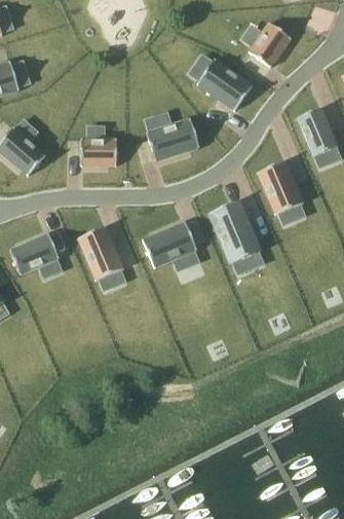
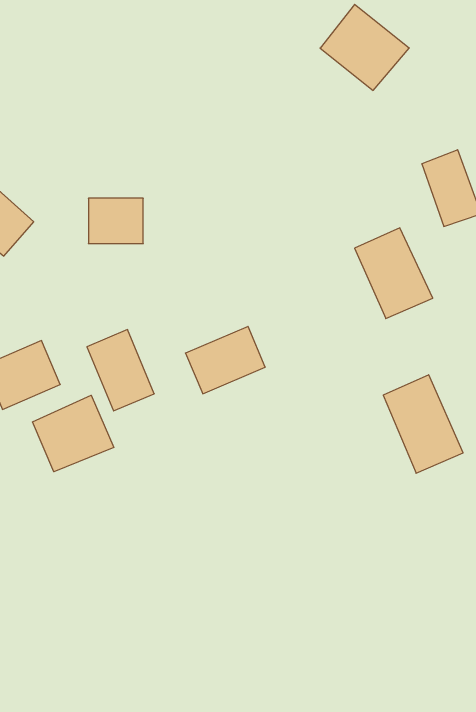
building: [193,51,258,113] -> none
building: [148,115,202,162] -> none
building: [208,199,261,264] -> [383,375,463,473]
building: none -> [32,395,114,472]

